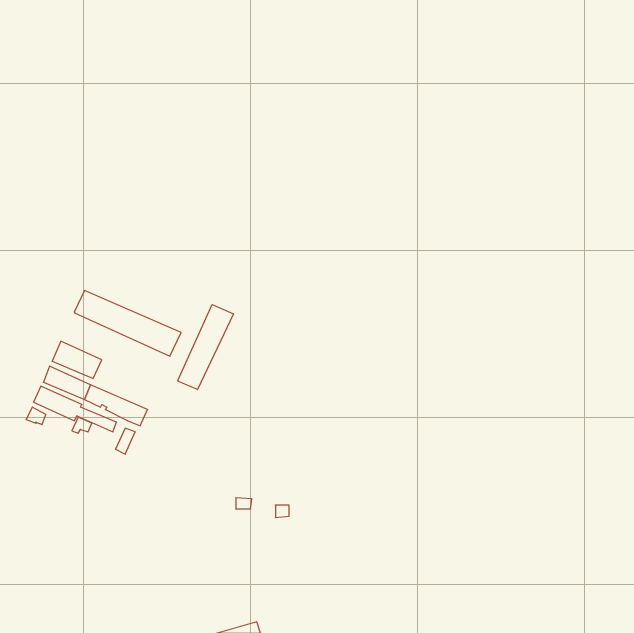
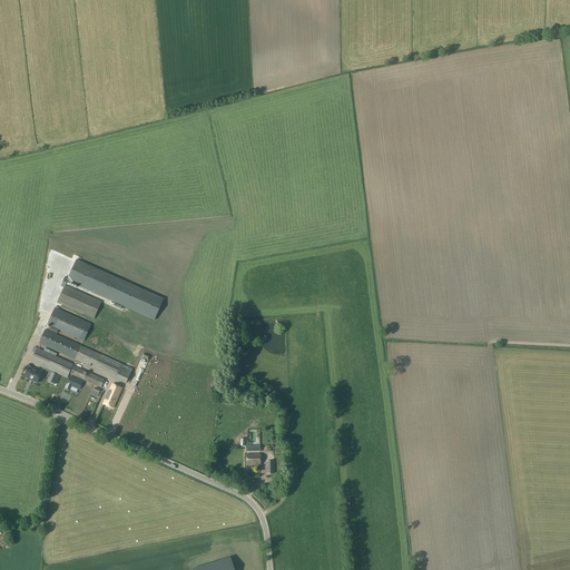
building: [178,305,233,390] -> none
building: none -> [57,282,102,318]

